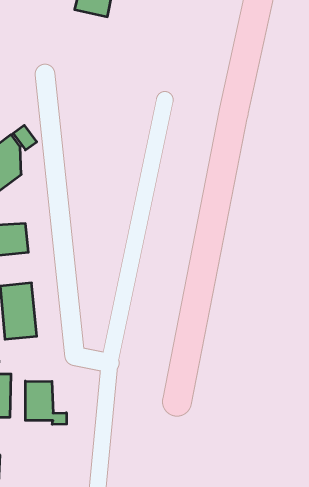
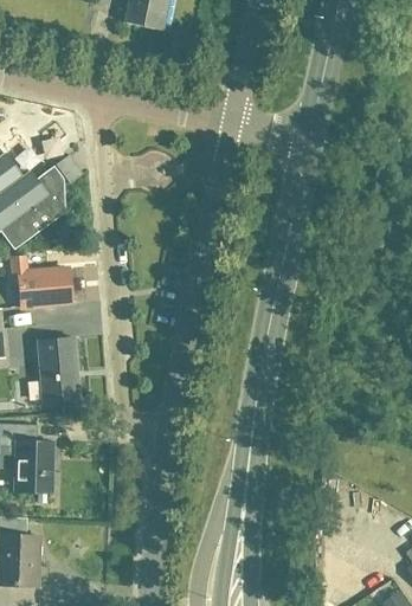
building: [25,381,67,424] -> none

